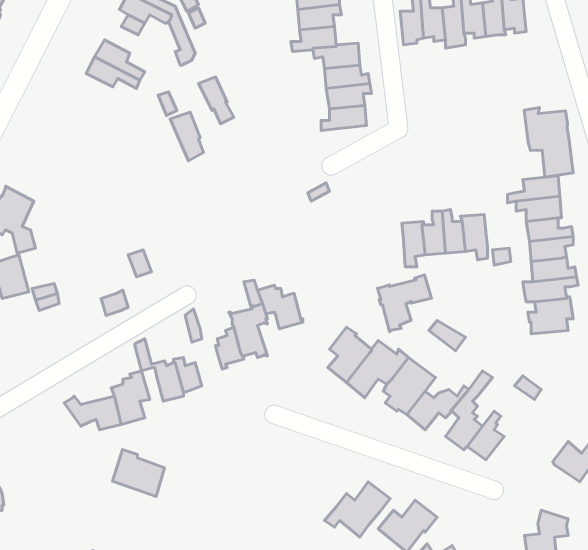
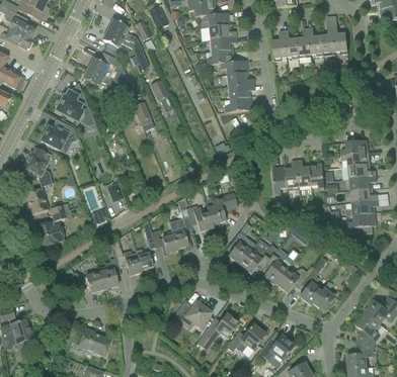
building: none -> [56,91,94,125]
building: [524,107,573,177] -> none
building: none -> [41,123,77,149]
building: [378,275,431,332] -> [205,192,237,226]
building: none -> [34,220,64,247]
building: none -> [173,300,211,327]
building: [112,449,164,496] -> [78,327,109,356]
building: none -> [195,313,238,351]
building: none -> [355,313,380,346]

